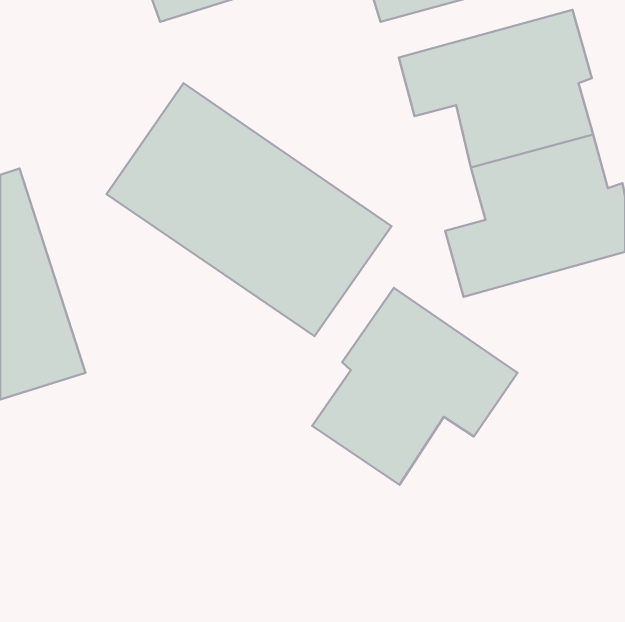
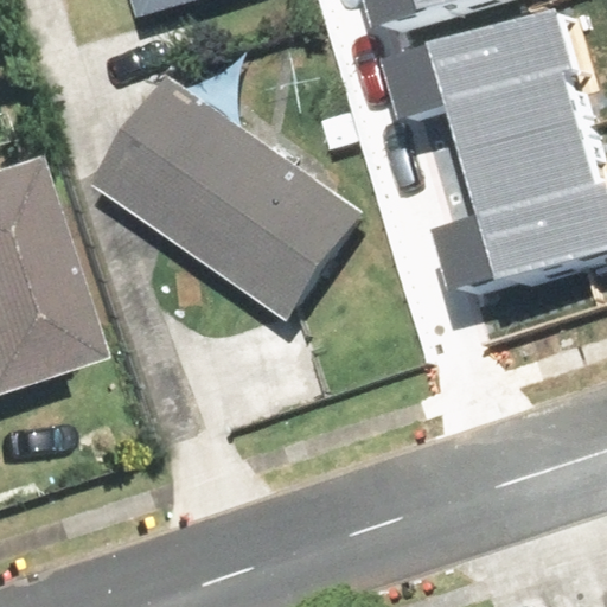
building: [312,288,517,485] -> none

